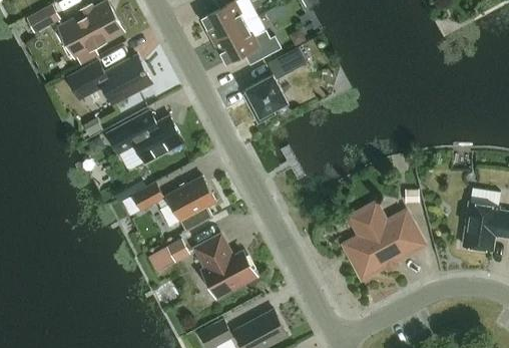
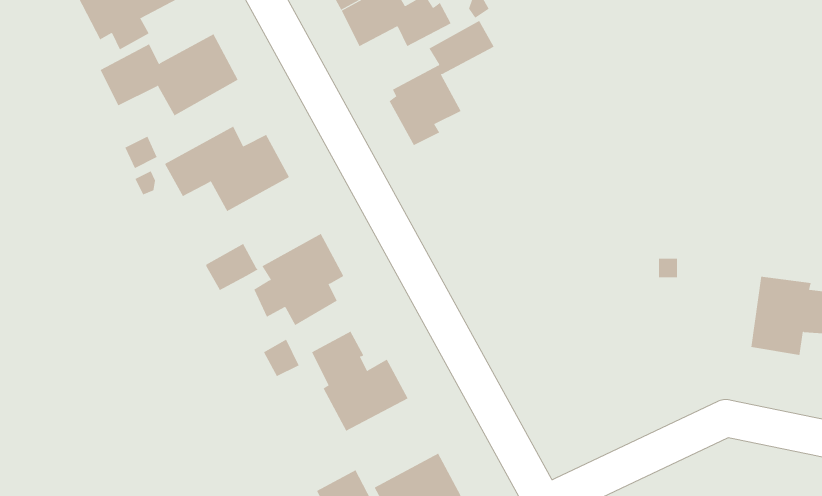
building: [345,204,422,277] -> none

